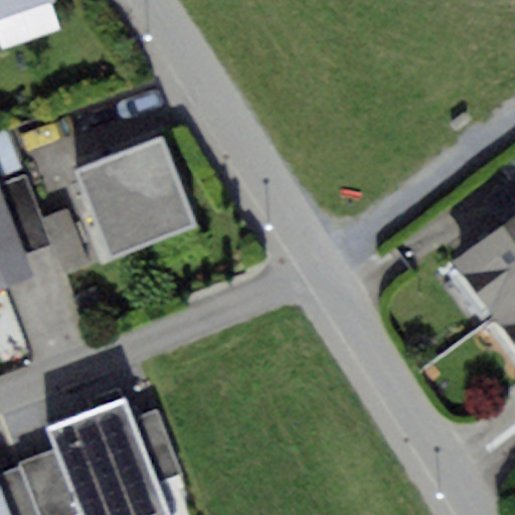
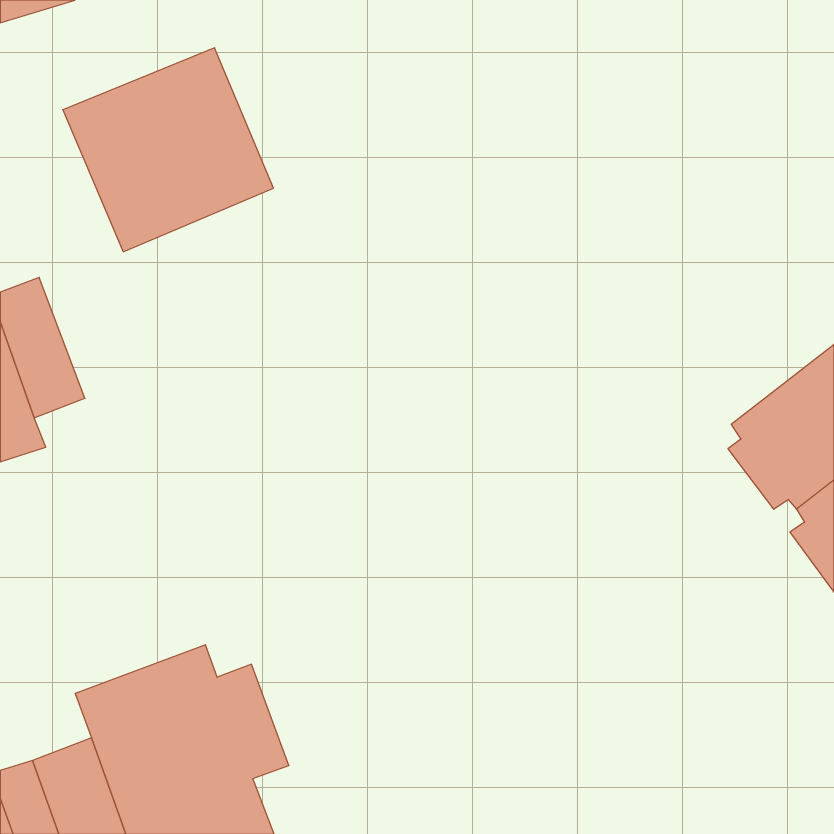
building: [70,133,200,259] -> [63,48,273,252]

